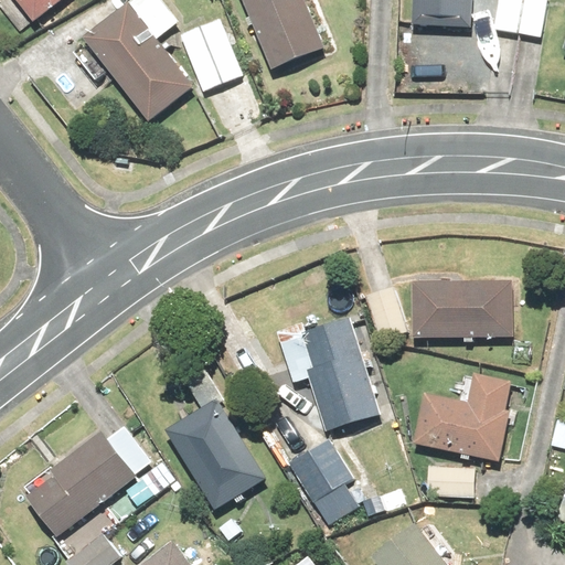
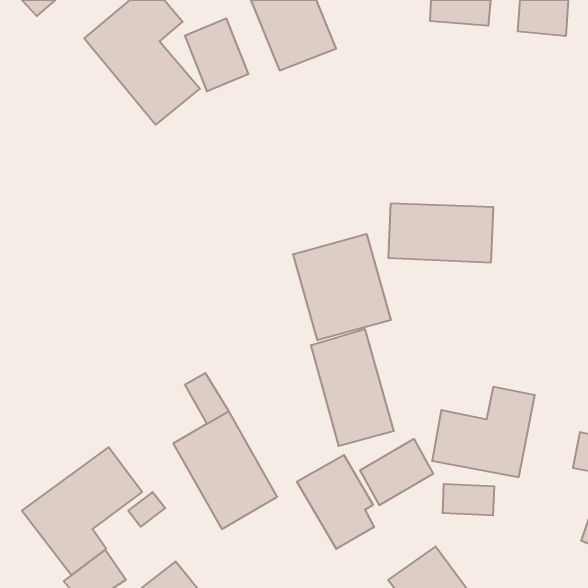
building: none -> [293,234,391,340]
building: [412,280,512,337] -> [388,204,493,262]
building: none -> [360,439,433,505]

